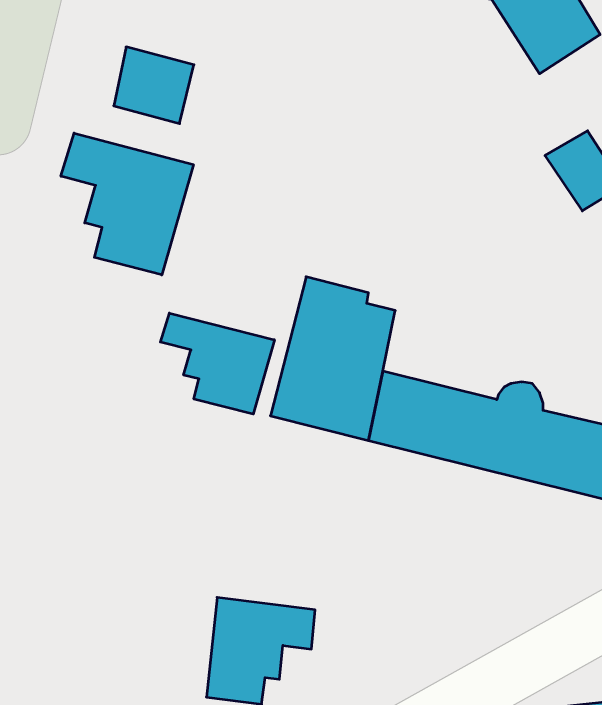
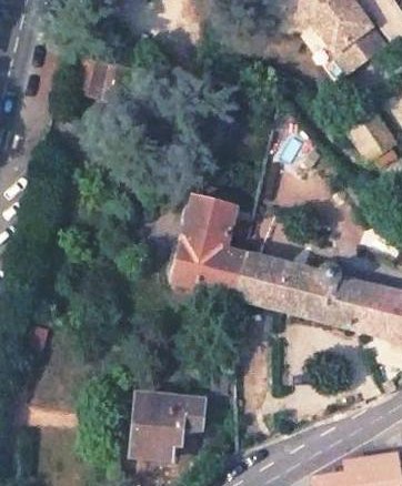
building: [61,133,193,275] -> none
building: [160,313,274,414] -> none

